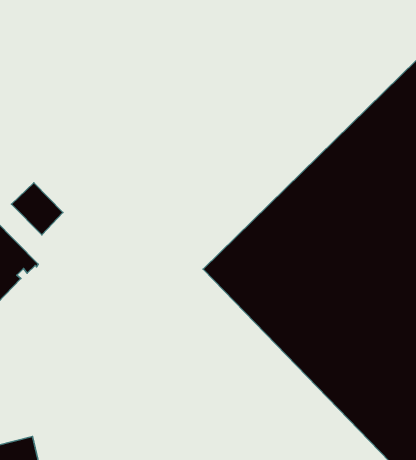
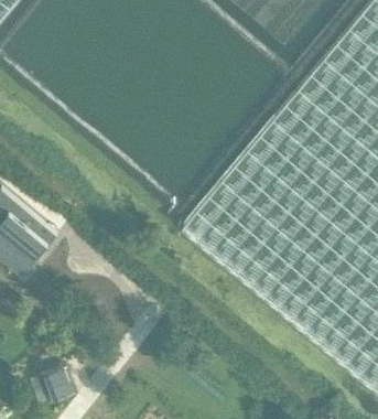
building: [12,183,63,235] -> none

